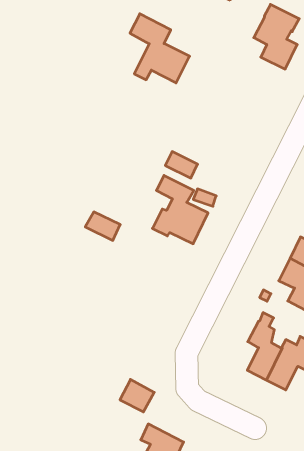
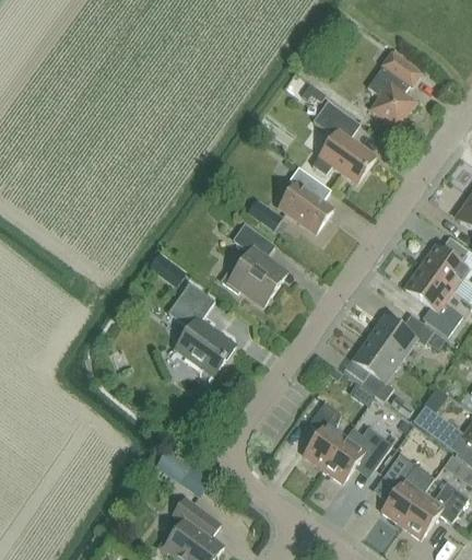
building: [130,14,190,83] -> [311,100,376,183]
building: none -> [279,165,332,232]
building: none -> [167,281,235,375]

